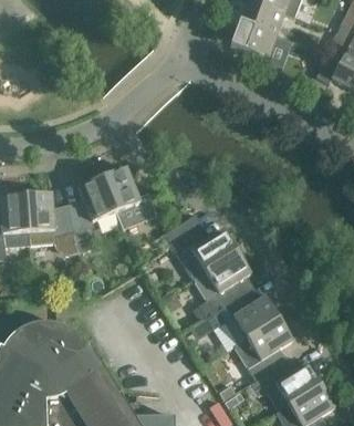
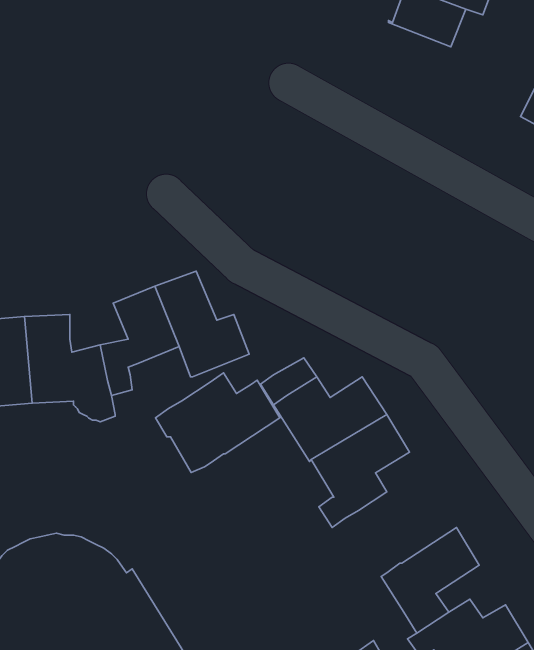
building: [230,21,291,70] -> none
building: [206,291,279,350] -> [155,373,280,473]

